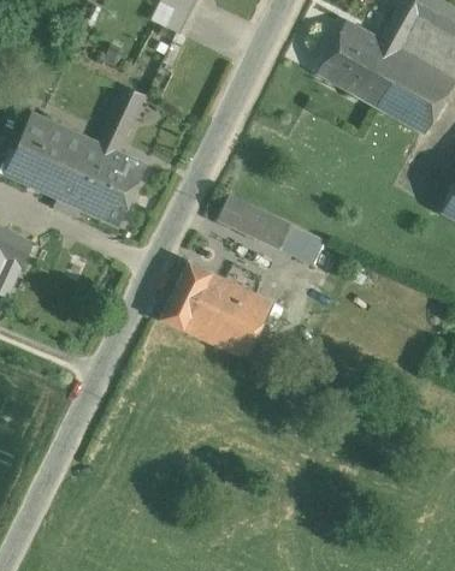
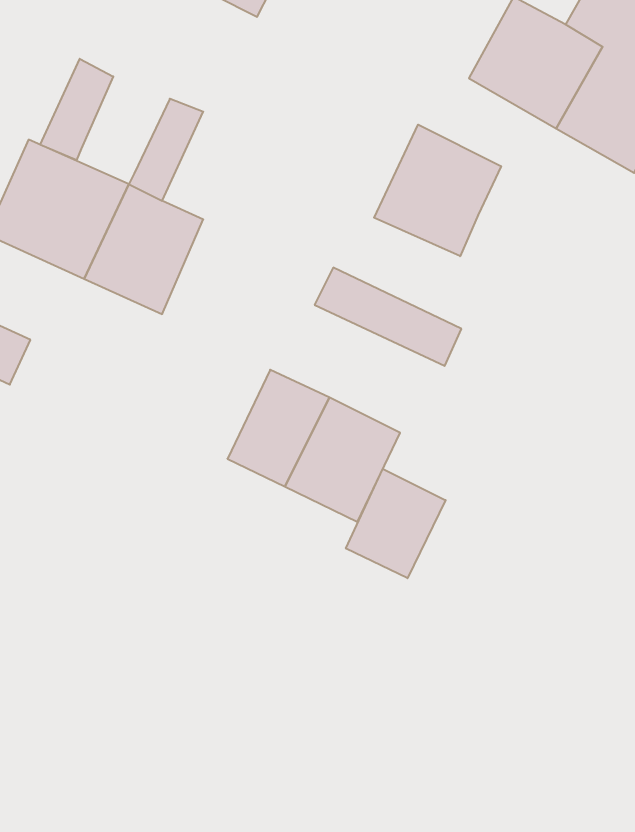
building: none -> [40,59,113,160]
building: none -> [374,125,501,256]
building: none -> [346,469,446,578]

